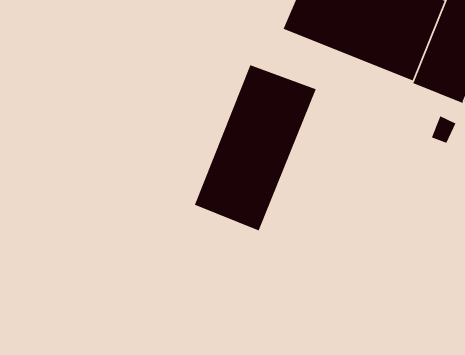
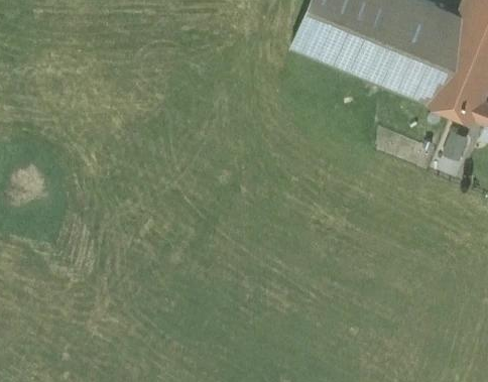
building: [194,64,317,232] -> none

